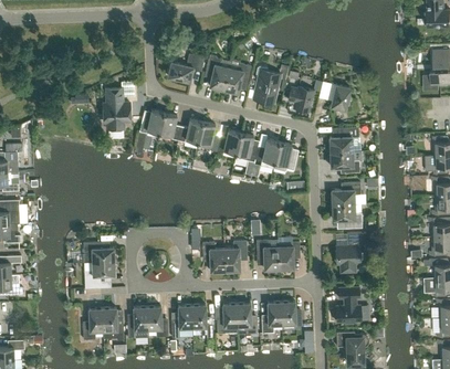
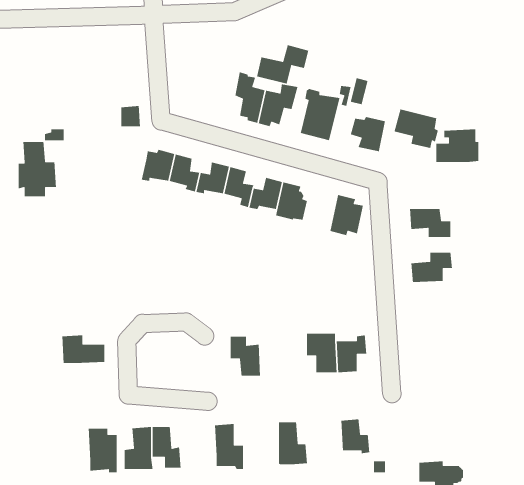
building: [167,53,205,82] -> [256,44,309,85]
building: [103,88,130,128] -> [18,141,57,197]
building: [329,127,360,151] -> [436,129,479,163]
building: [254,138,279,168] -> none
building: [332,203,362,228] -> none
building: [335,232,366,272] -> none
building: [223,241,247,271] -> none
building: [84,261,115,283] -> none
building: [335,286,360,321] -> none
building: [261,302,282,333] -> none
building: [217,303,237,333] -> none
building: [171,305,192,337] -> none
building: [83,307,103,339] -> none

